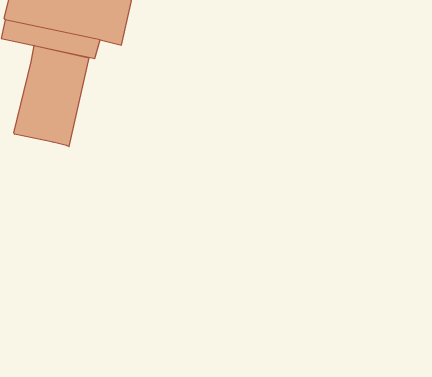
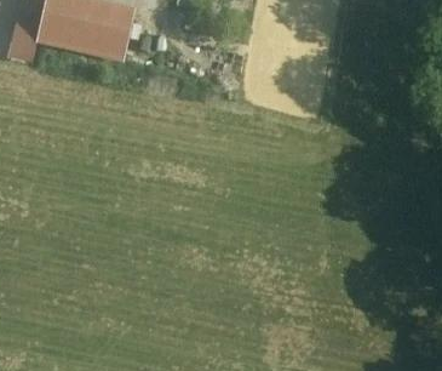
building: [14,45,89,147] -> none

